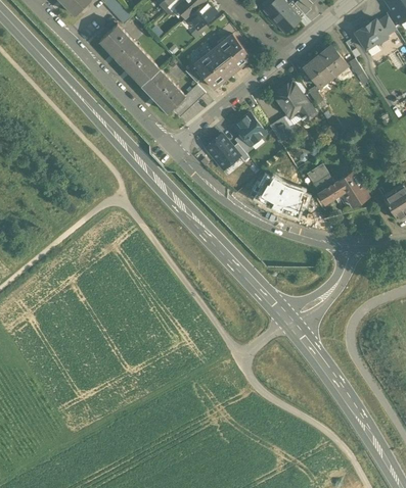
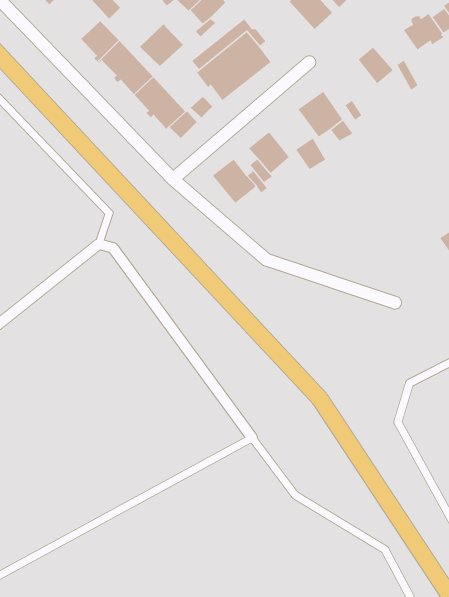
building: none -> [139,23,184,67]
building: [305,56,332,87] -> none
building: [309,164,367,204] -> none
building: [253,176,308,216] -> none

